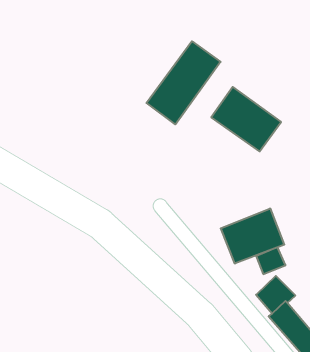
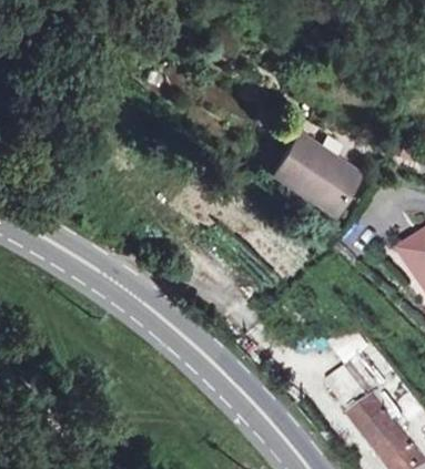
building: [146,41,221,124] -> none
building: [221,208,284,264] -> none

